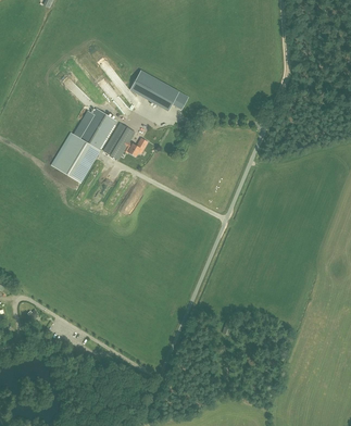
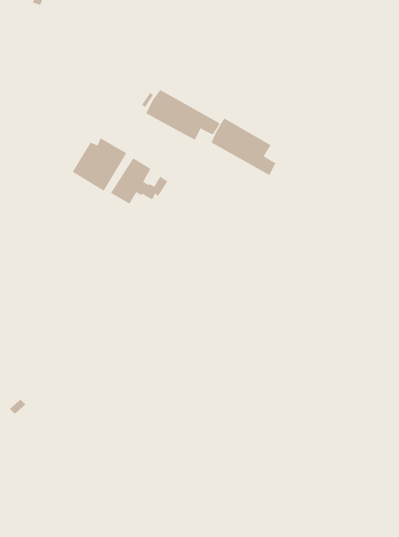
building: none -> [211,118,276,176]
building: [52,133,99,181] -> none

